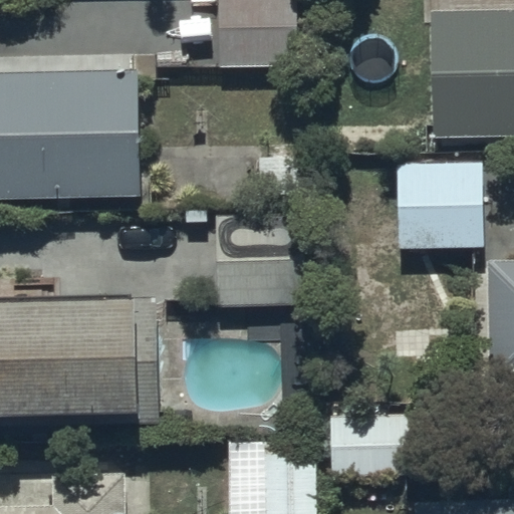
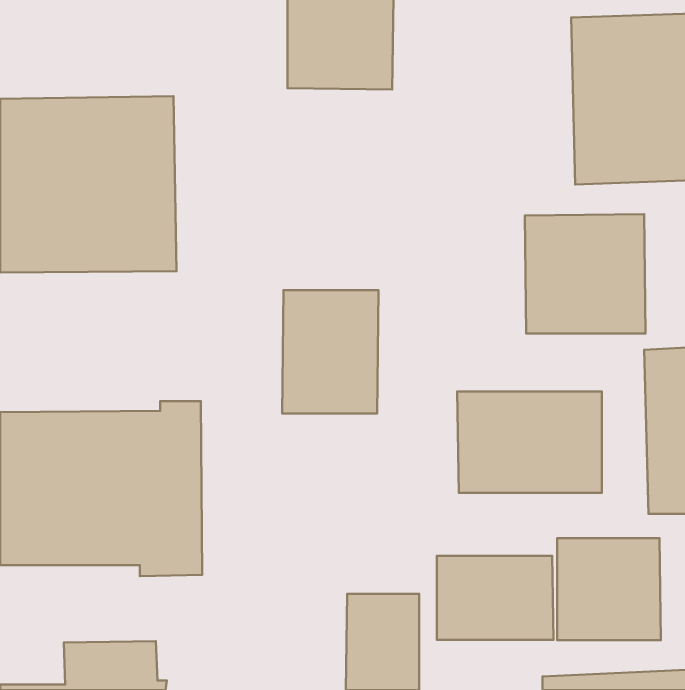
building: none -> [457,391,602,493]
building: none -> [557,538,661,640]

